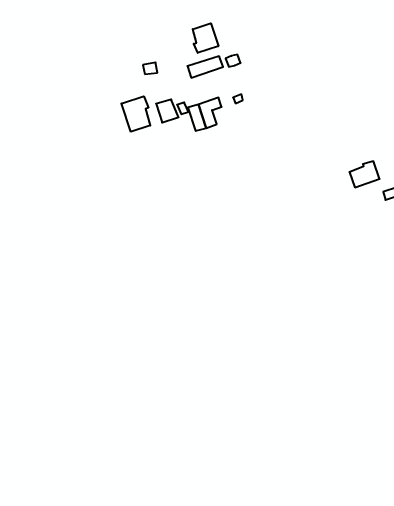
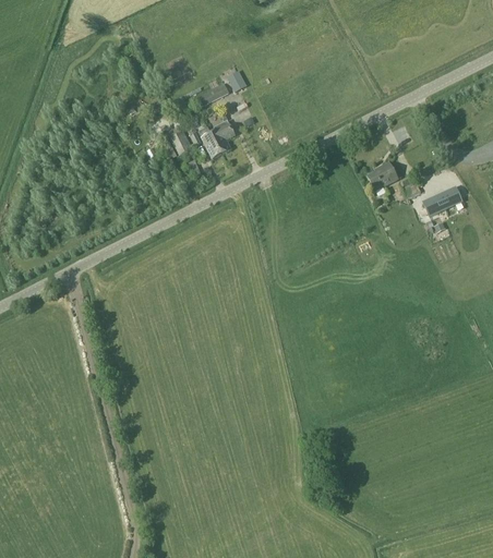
building: [193,23,218,53] -> none
building: [121,96,150,132] -> none

